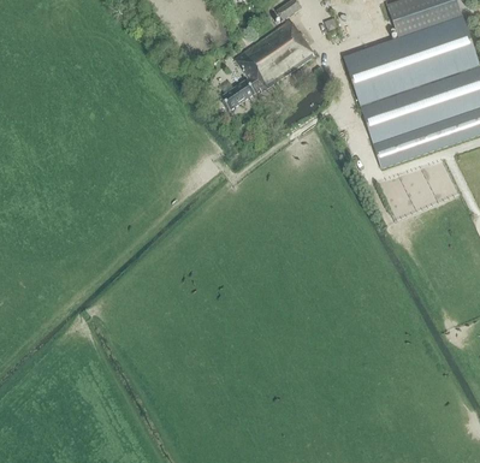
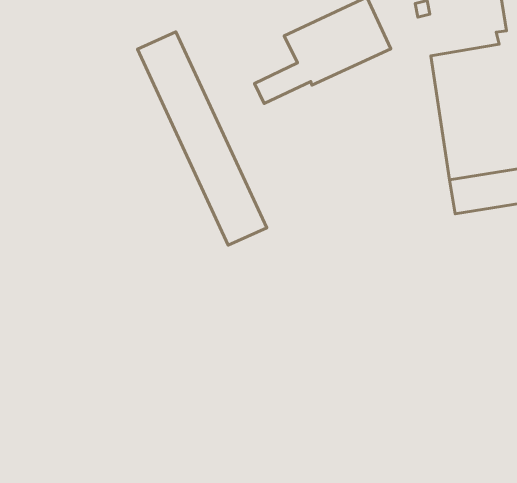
building: none -> [137,32,267,245]

